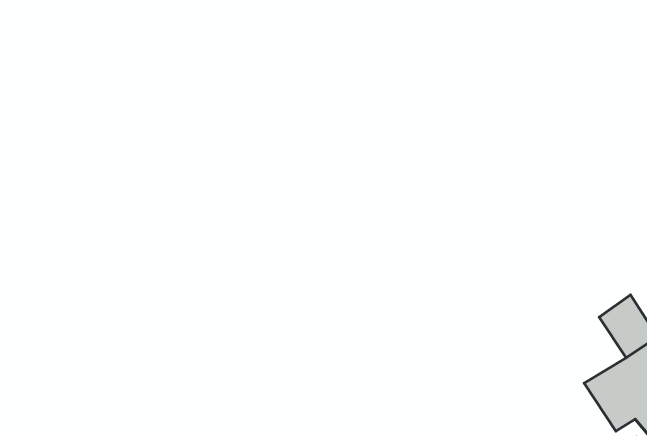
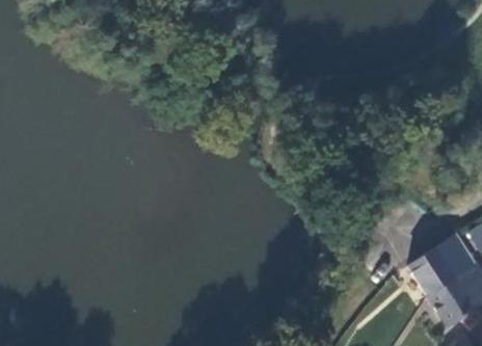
building: none -> [408,247,456,293]

